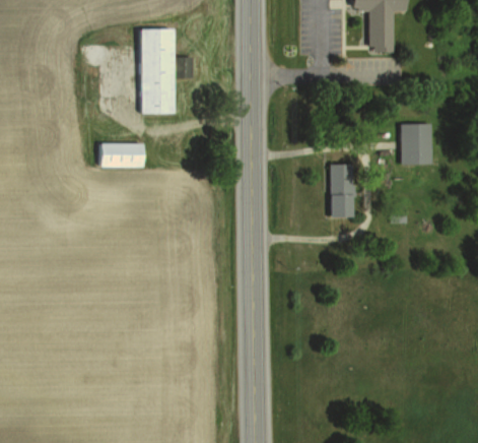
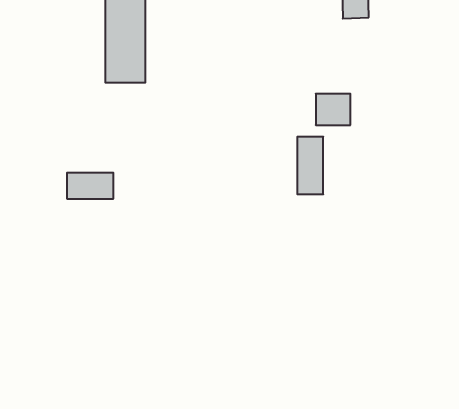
building: [398,124,430,153] -> [316,94,350,125]
building: [110,143,153,168] -> [67,173,113,199]

